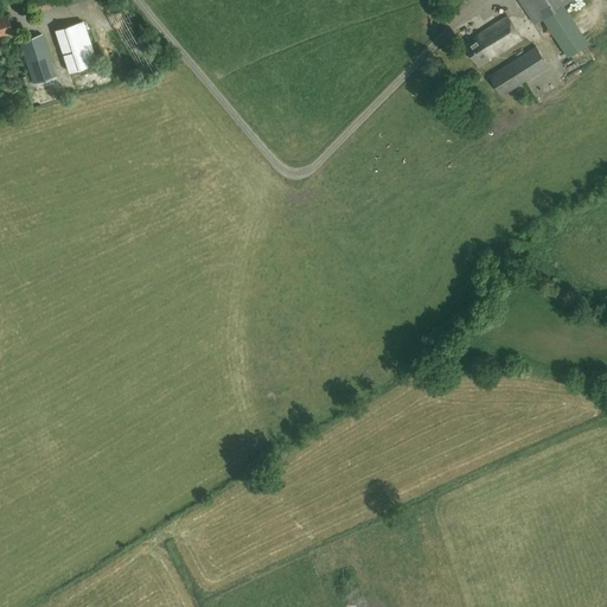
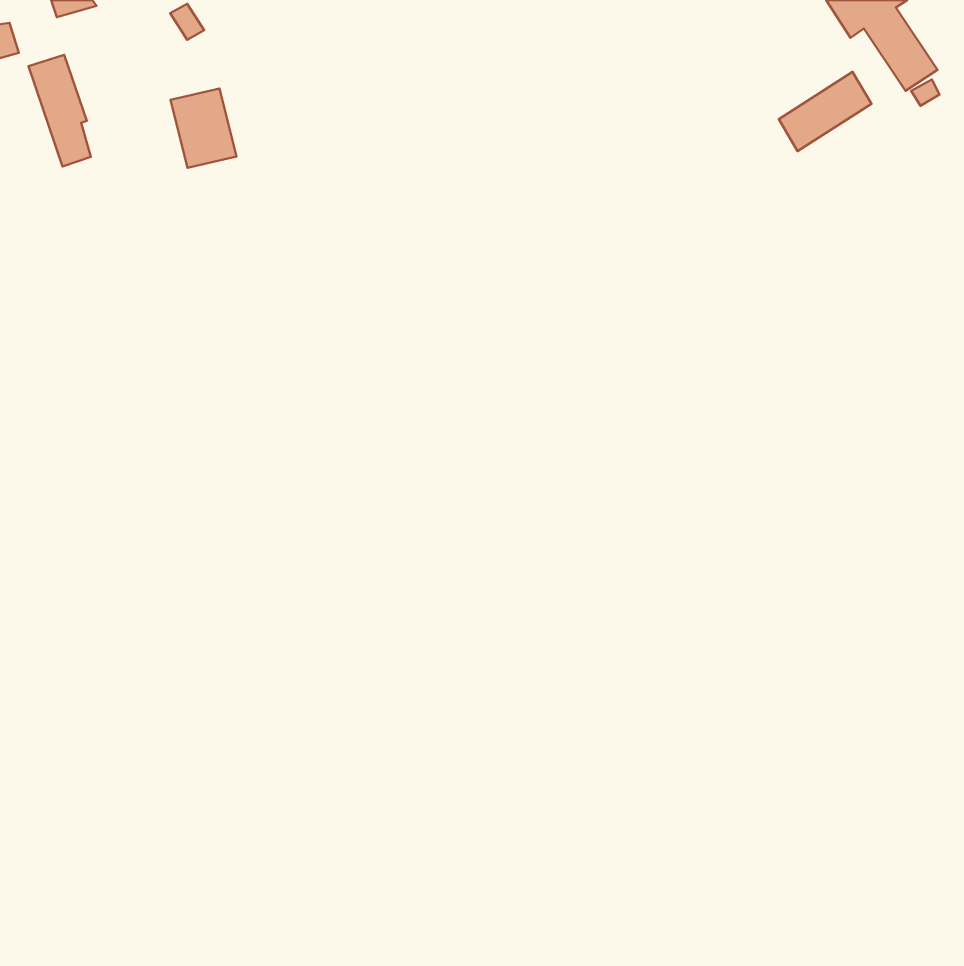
building: [53,15,95,65] -> [170,88,237,168]
building: [464,15,520,68] -> none

